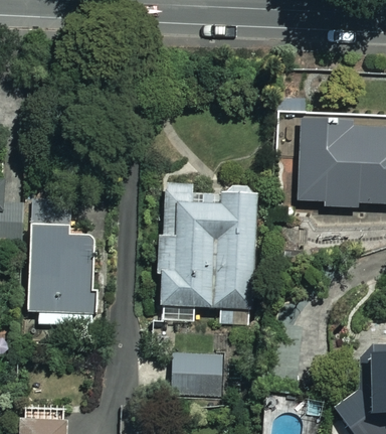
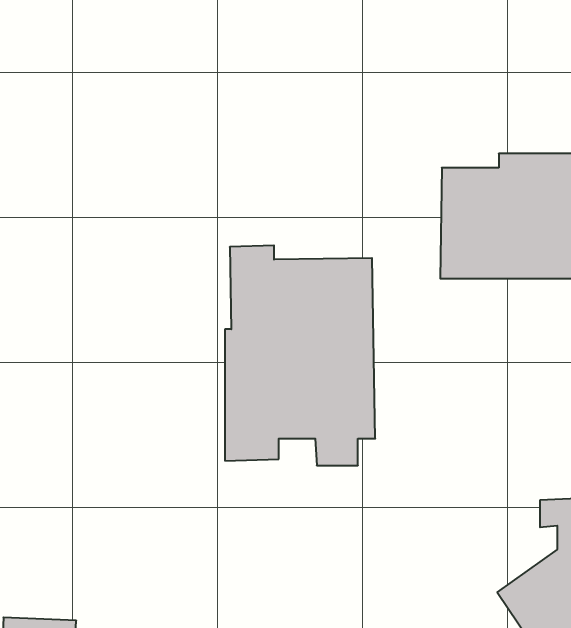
building: [28,221,98,312] -> none
building: [173,353,224,395] -> none

